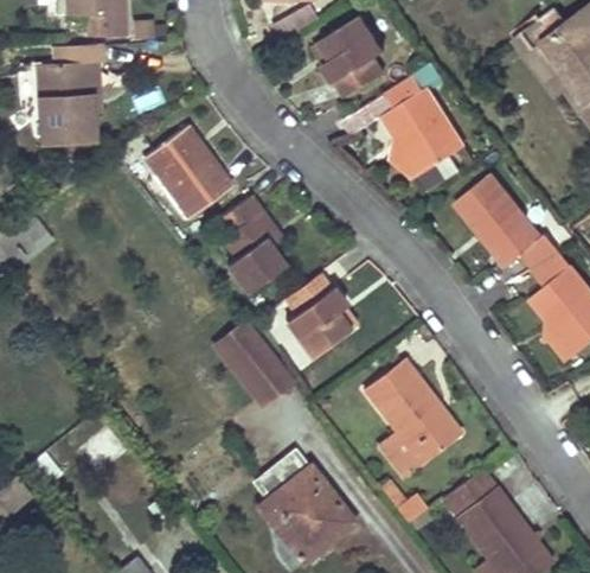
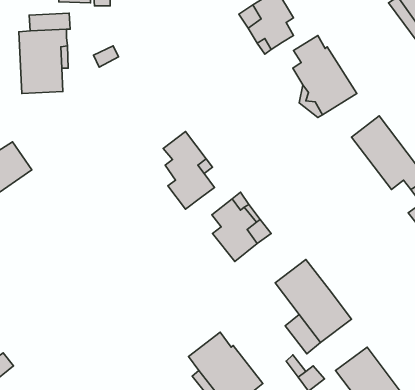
building: [146,125,233,217] -> none
building: [217,323,297,409] -> none

